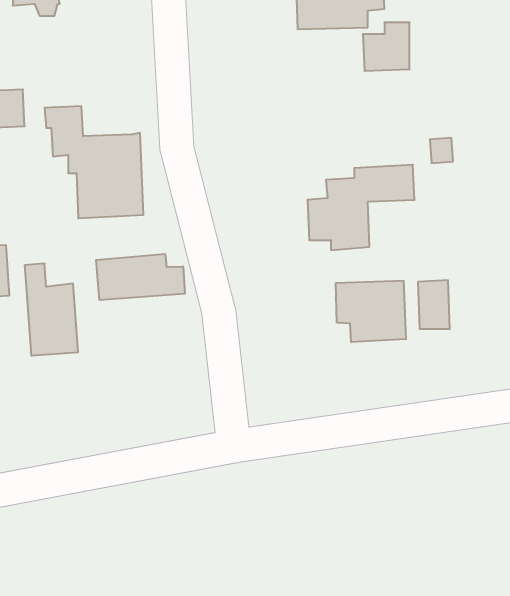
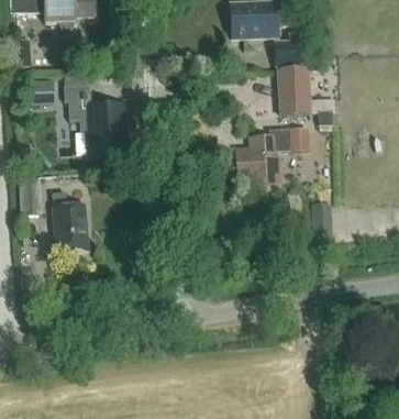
building: none -> [277,66,310,115]
building: [96,254,185,300] -> none
building: [336,281,406,342] -> none

